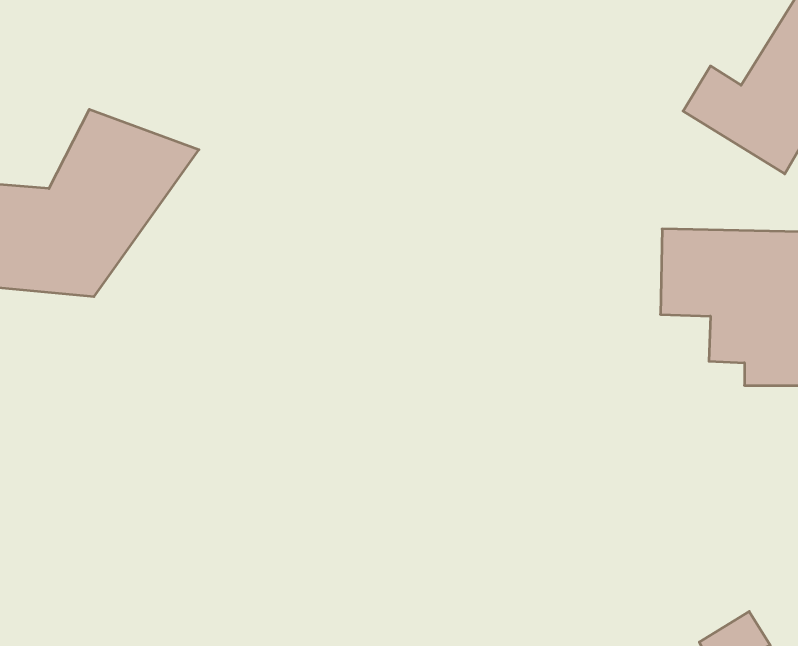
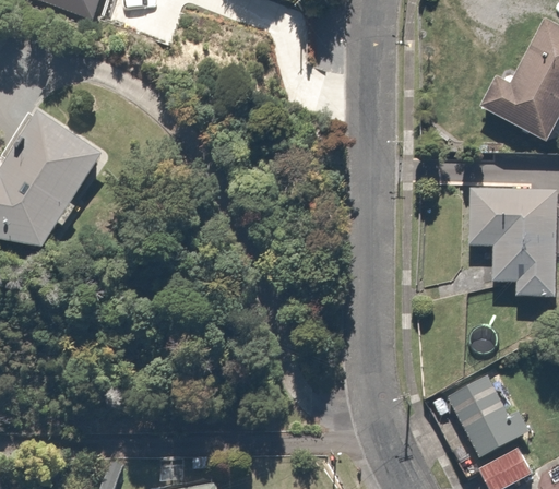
building: none -> [443,368,525,457]

